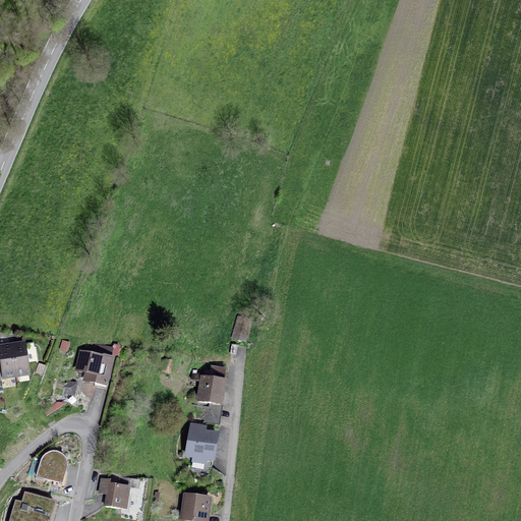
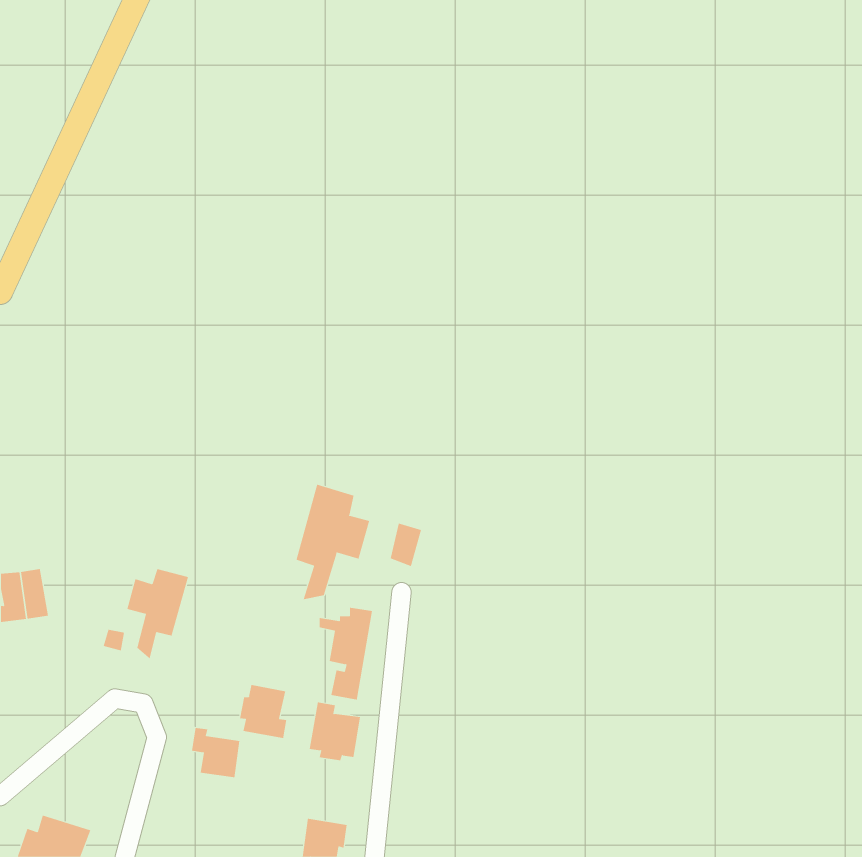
building: none -> [296,484,370,600]
building: none -> [240,684,287,739]
building: [38,451,66,481] -> none
building: [100,477,129,508] -> [191,727,240,778]

